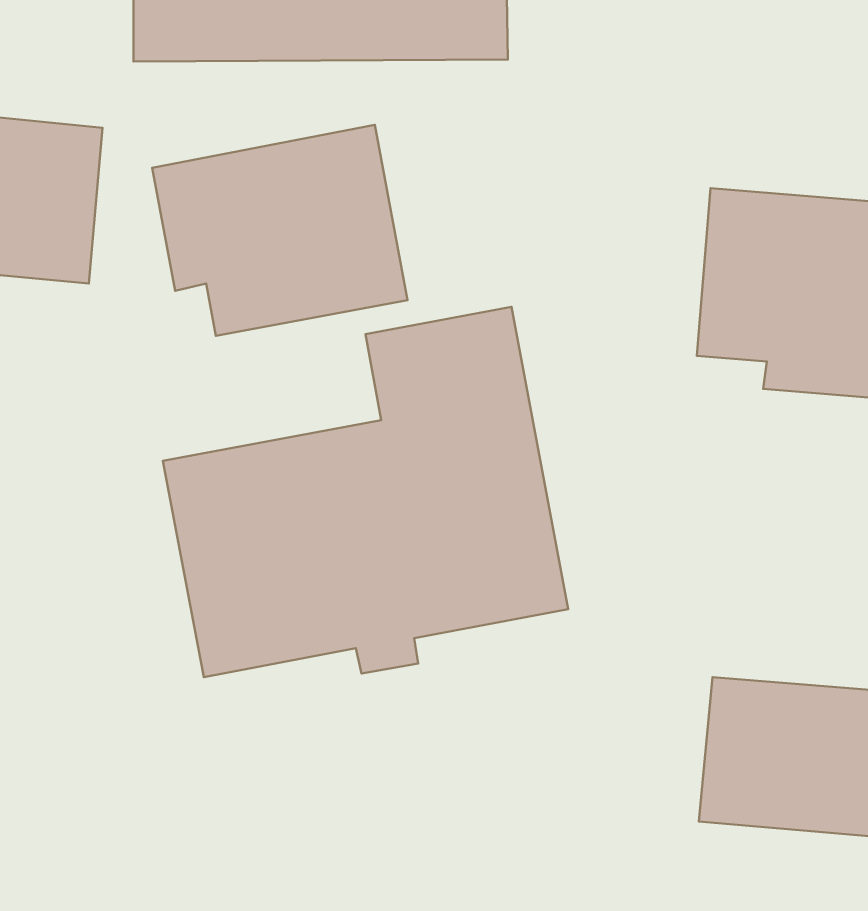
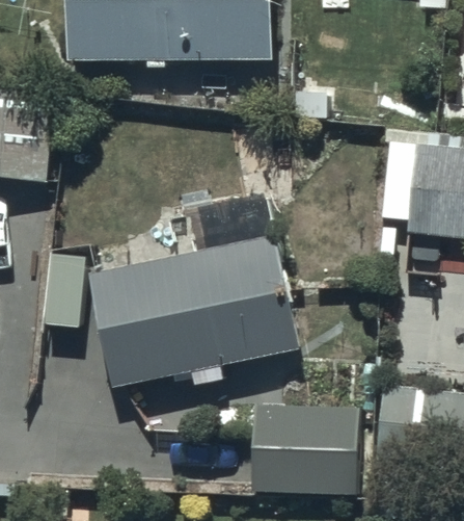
building: [152,125,408,336] -> none
building: none -> [247,402,358,496]

